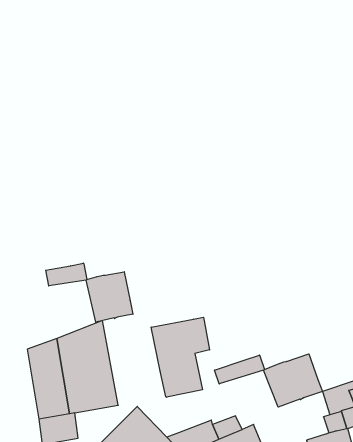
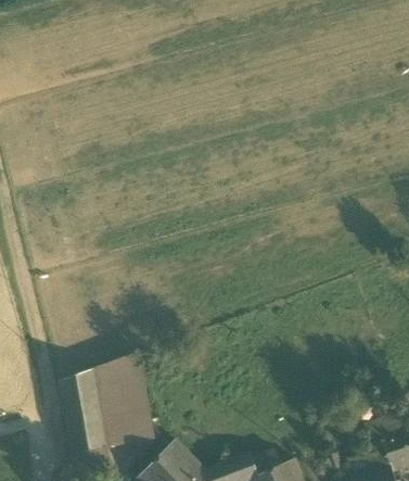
building: [46,263,133,322] -> none
building: [151,317,210,397] -> none
building: [215,354,322,407] -> none

